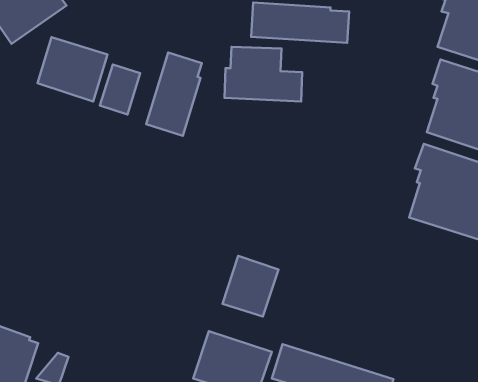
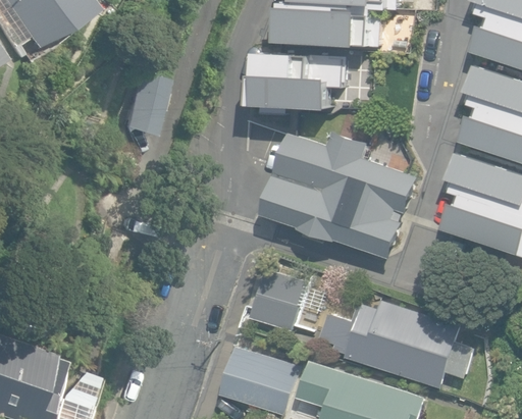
building: [38,37,107,101] -> none
building: [146,53,202,136] -> none
building: none -> [263,132,419,259]
building: none -> [317,301,474,389]

